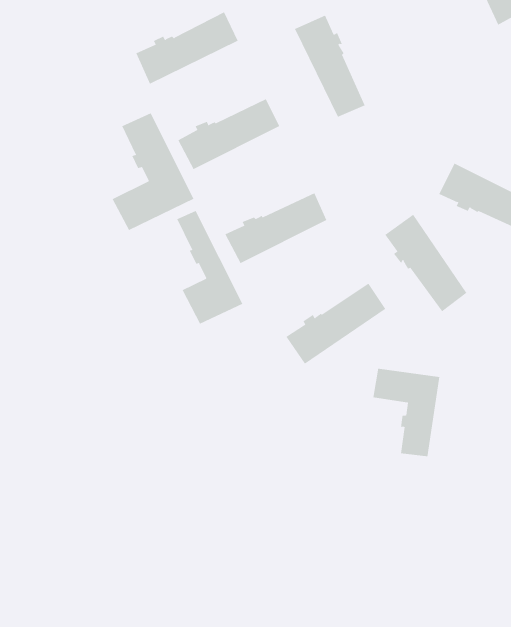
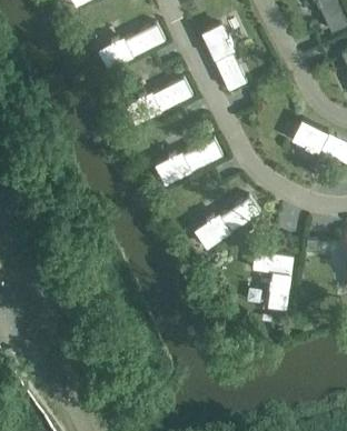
building: [112,112,194,231] -> none
building: [177,210,243,325] -> none
building: [385,214,467,312] -> none

